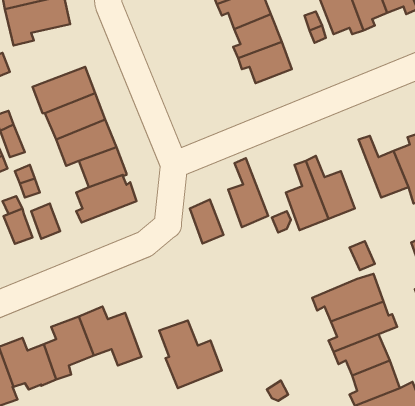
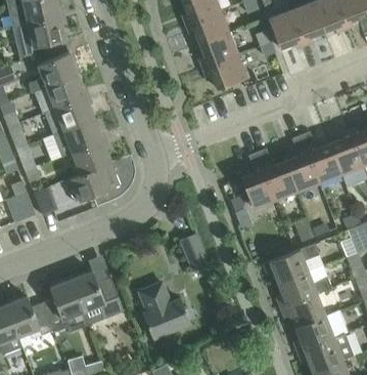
building: none -> [29,53,78,93]
building: [228,158,268,227] -> [286,135,319,192]
building: [190,200,224,243] -> [180,234,208,269]

